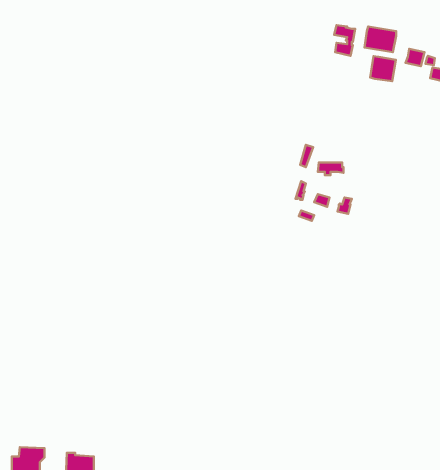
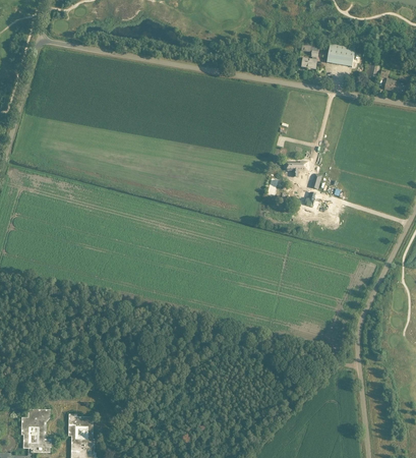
building: [370,56,396,81] -> none

